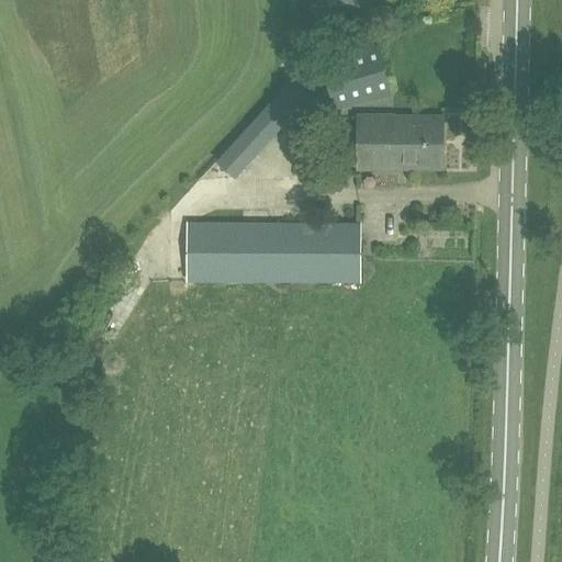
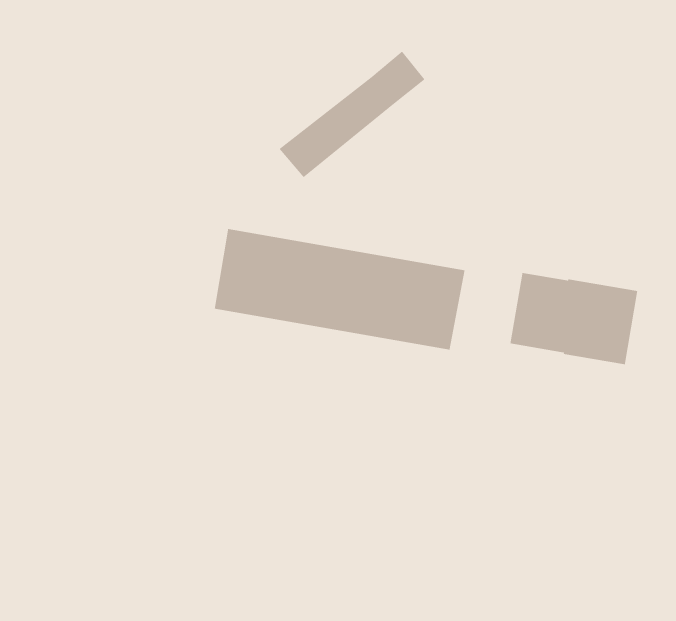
building: [321,47,389,109] -> none
building: [359,115,442,169] -> [510,272,638,365]

